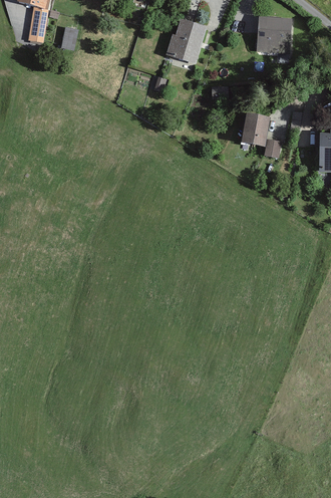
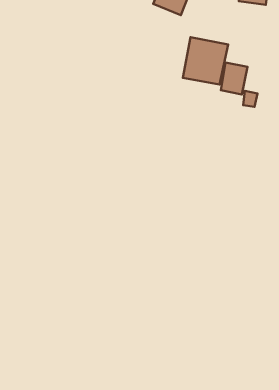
building: none -> [183,37,228,85]

